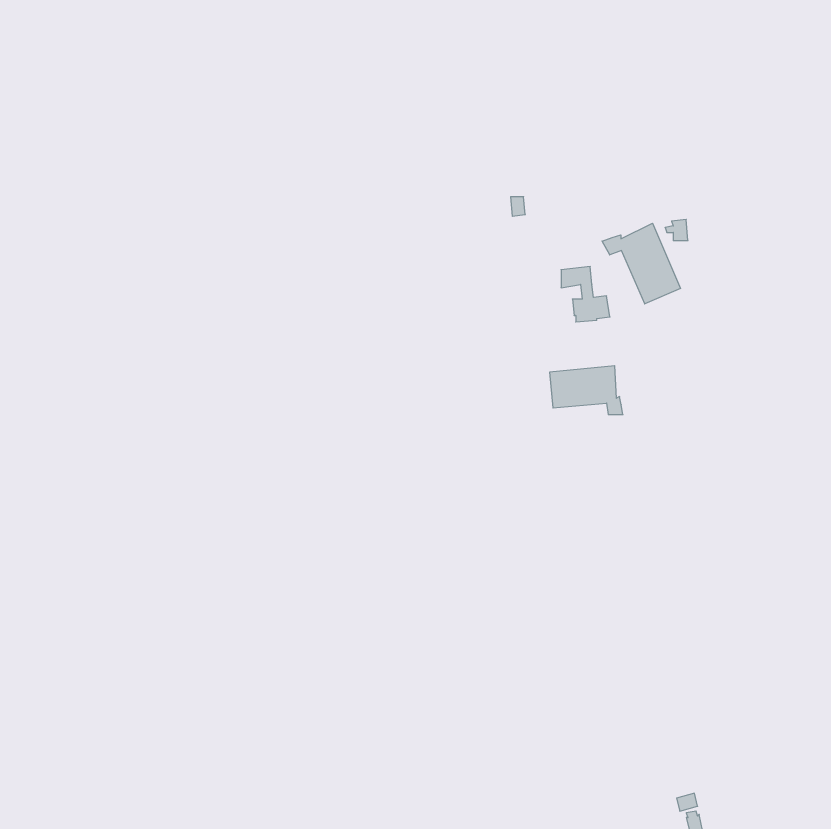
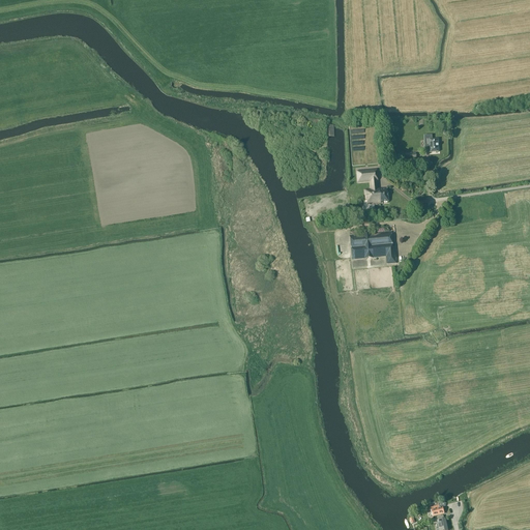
building: [602,223,680,304] -> none

